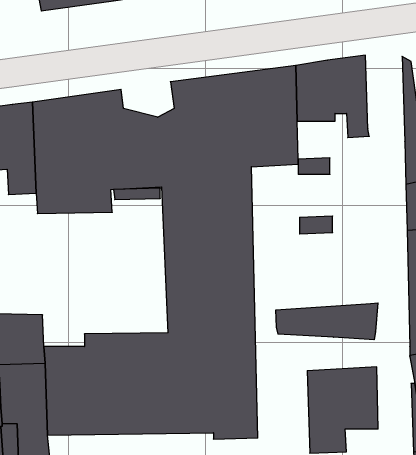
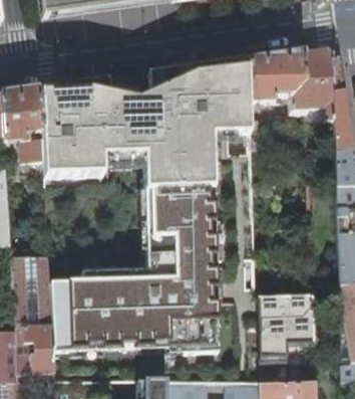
building: none -> [303,47,334,119]
building: [276,303,378,340] -> none

